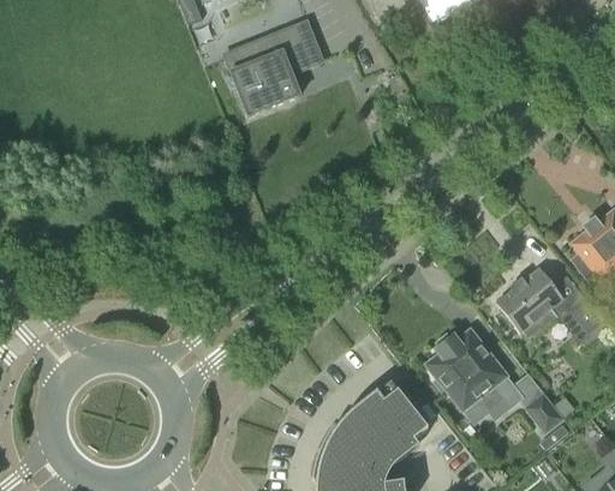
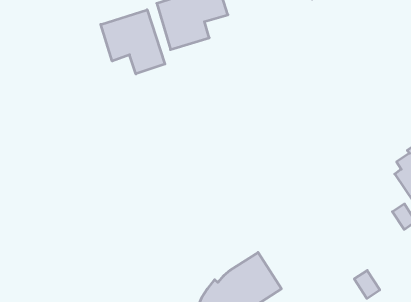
building: none -> [101,10,165,74]
building: [497,267,565,334] -> none
building: [429,329,524,418] -> none

